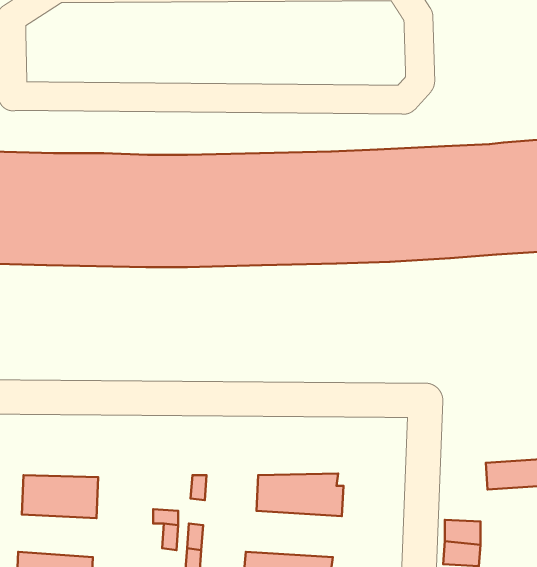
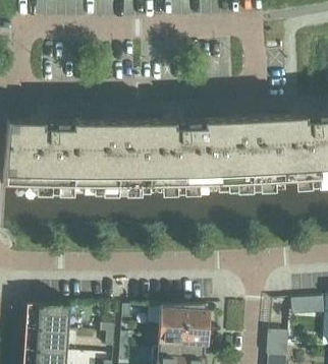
building: none -> [154,329,209,356]
building: none -> [23,331,68,356]

